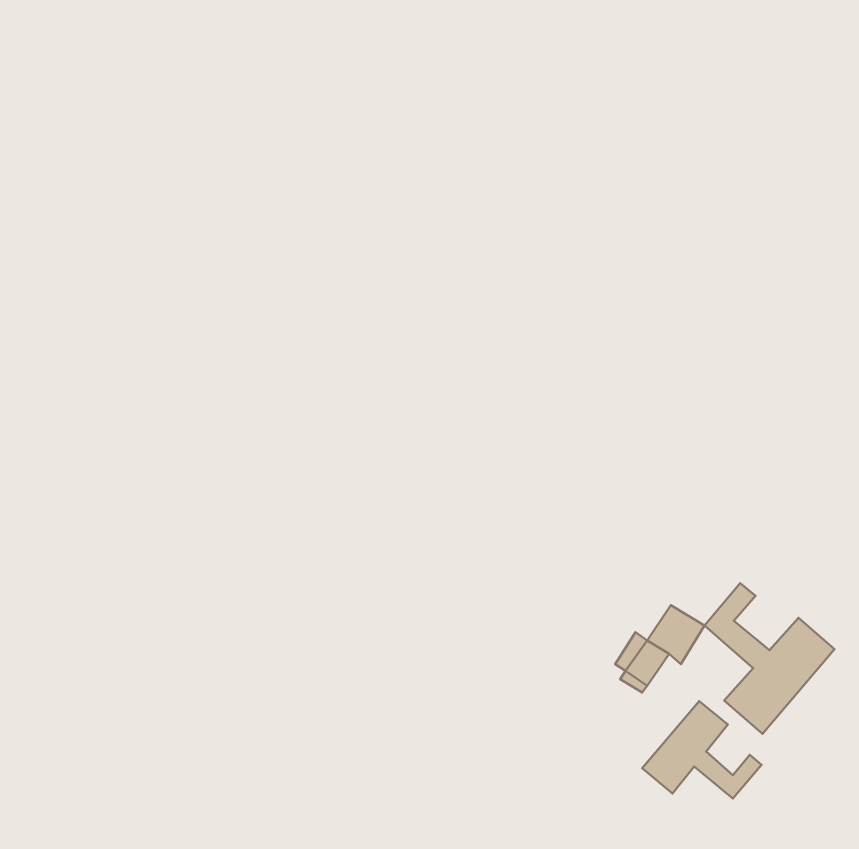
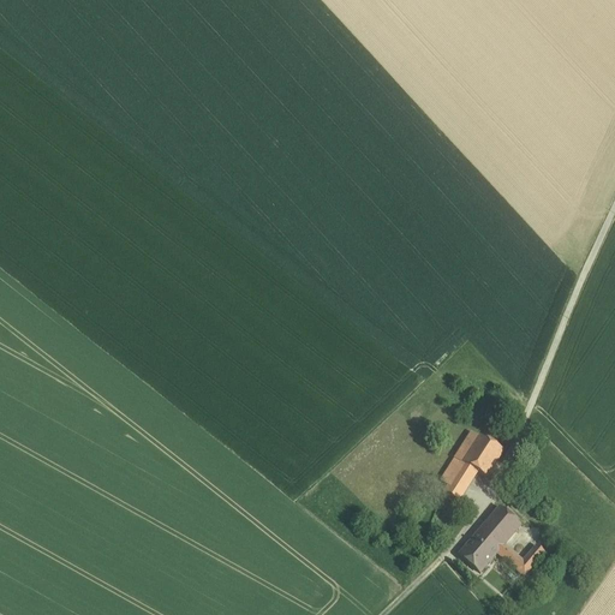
building: [704,583,834,734] -> none

